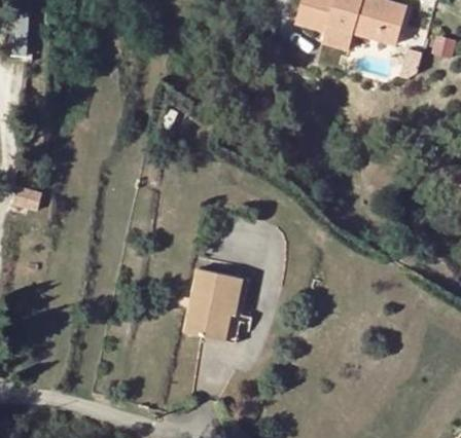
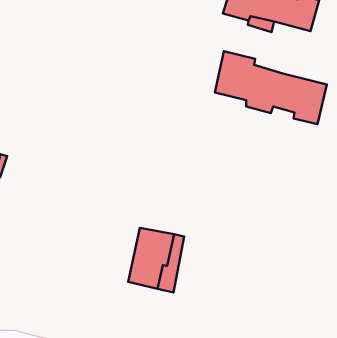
building: none -> [215,51,327,124]

